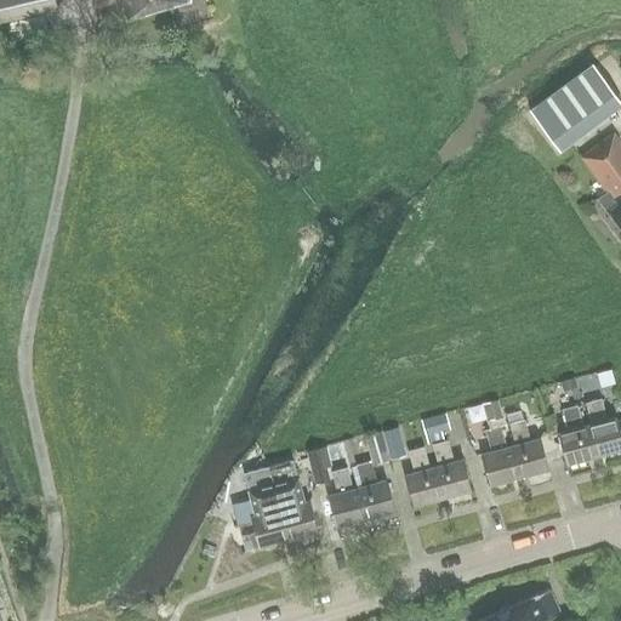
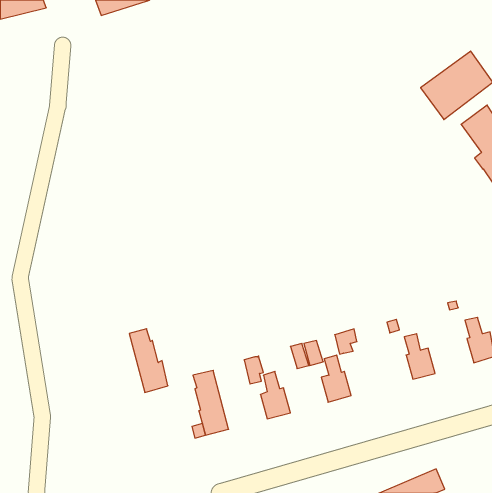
building: [558,405,597,465] -> none
building: [482,426,520,485] -> none
building: [433,440,472,497] -> none
building: [269,460,318,540] -> [129,329,168,392]
building: [355,461,395,519] -> none

